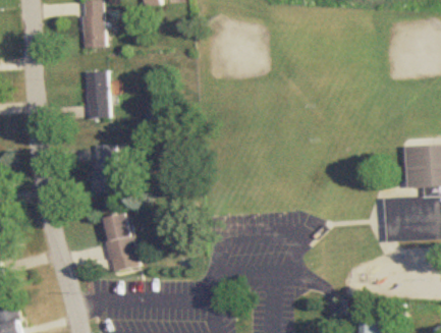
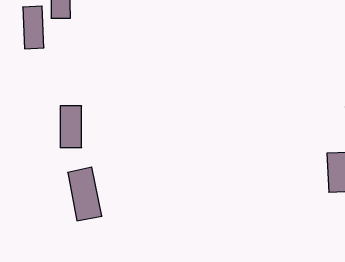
building: [86,72,109,119] -> [23,6,44,49]

